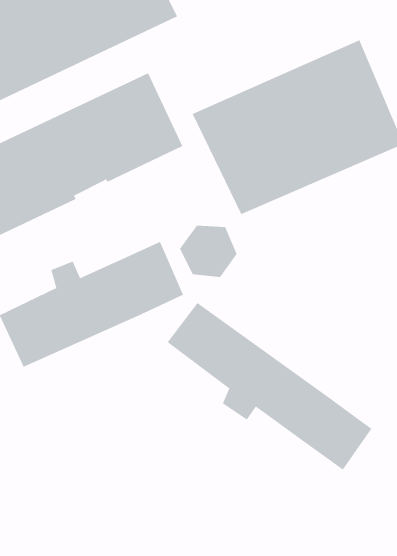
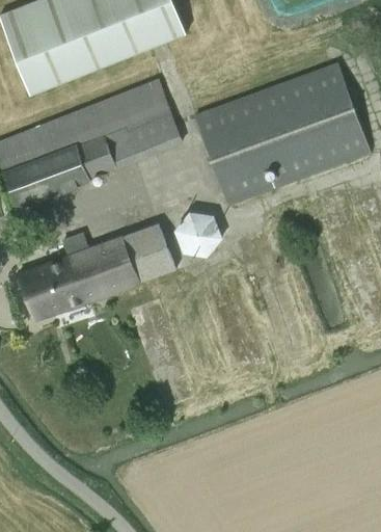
building: [167,302,372,471] -> none

